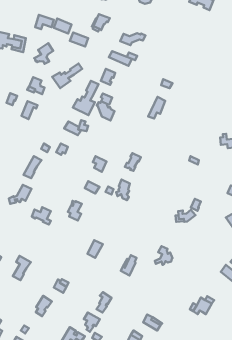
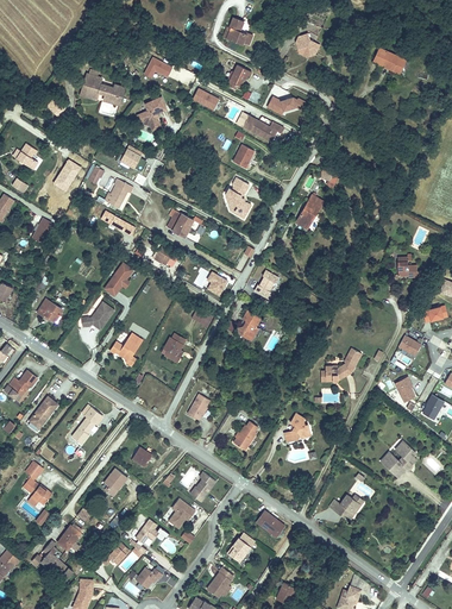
building: [52,64,82,88] -> none
building: [73,81,99,115] -> none

